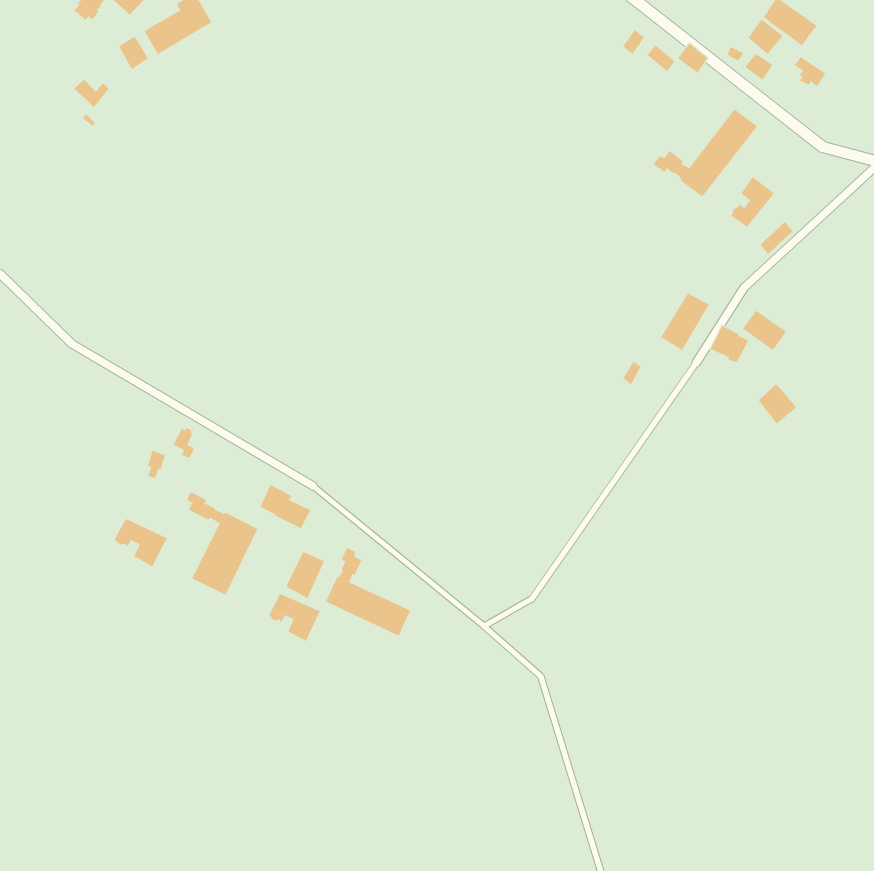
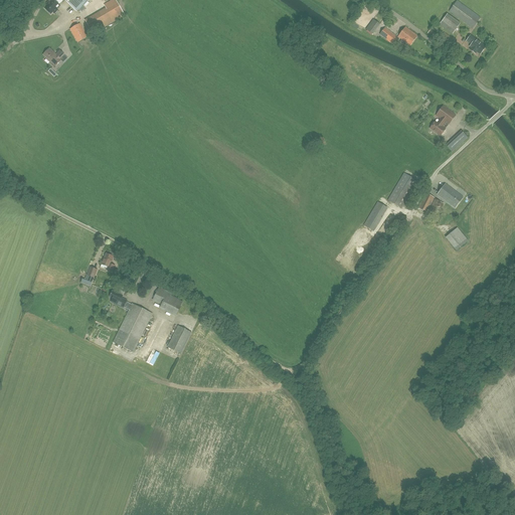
building: [652,108,758,198] -> none
building: [114,518,167,567] -> none
building: [325,547,411,636] -> none
building: [268,593,321,642] -> none

